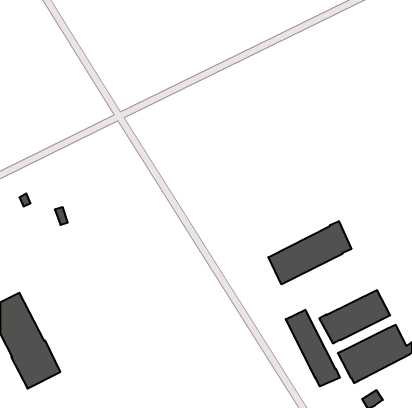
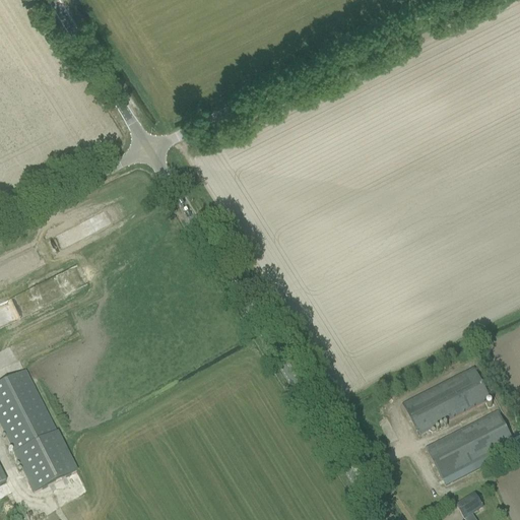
building: [268,221,351,284] -> none
building: [286,310,340,386] -> none

